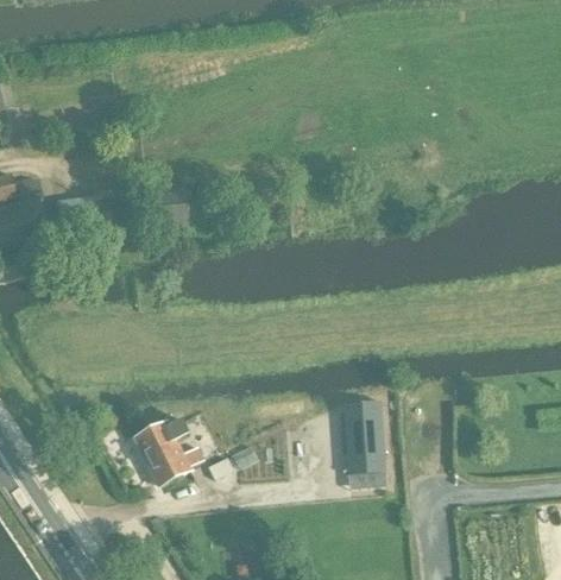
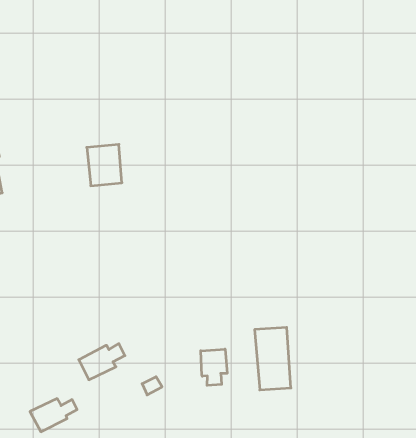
building: none -> [201,349,227,385]
building: [146,446,202,485] -> [30,399,77,432]

